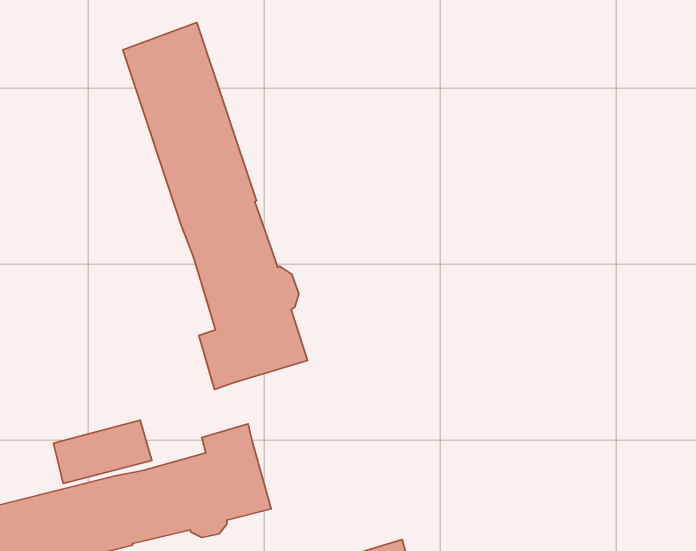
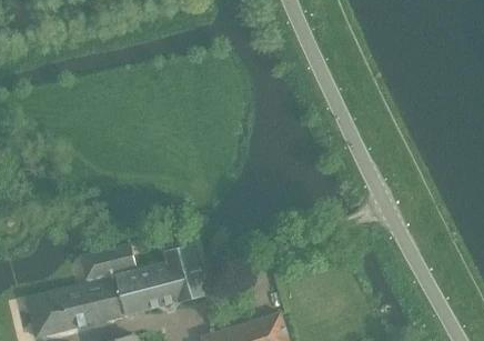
building: [123,23,308,390] -> none

